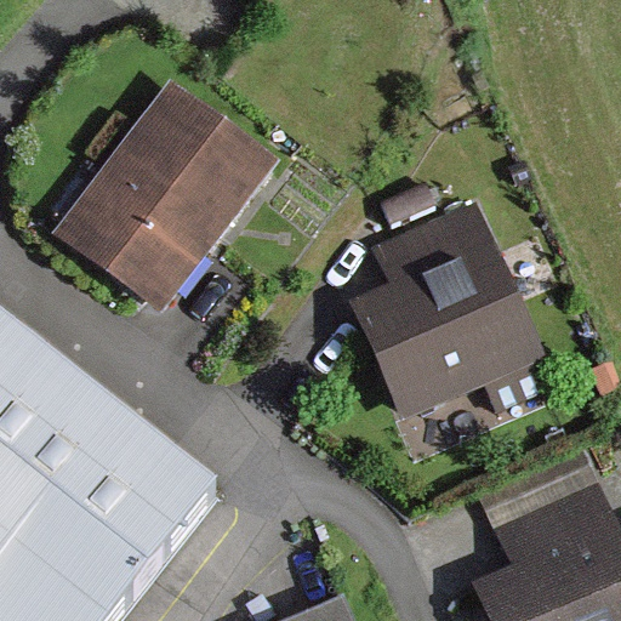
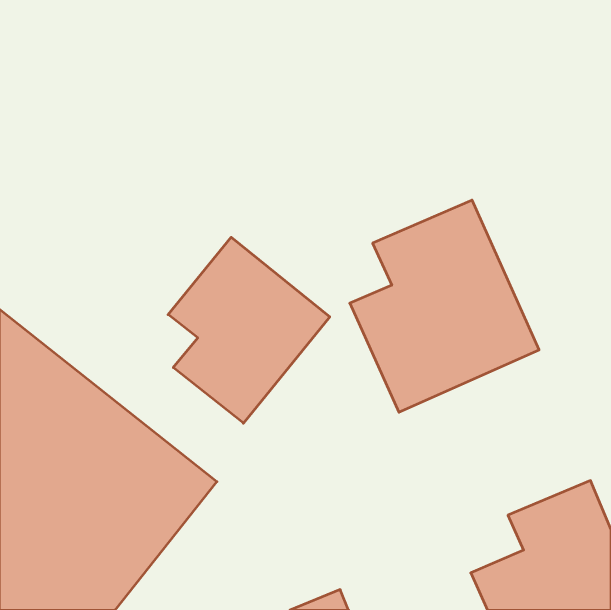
building: [58,86,274,310] -> none
building: none -> [168,237,330,423]

